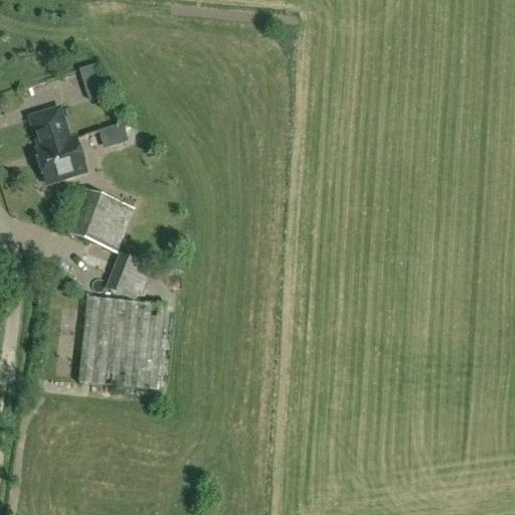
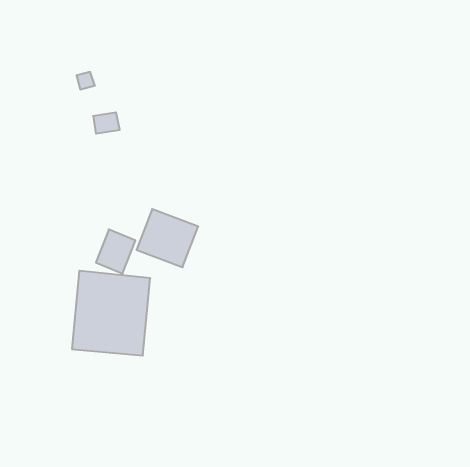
building: [29,107,85,182] -> none
building: [66,187,134,250] -> [136,209,198,267]

